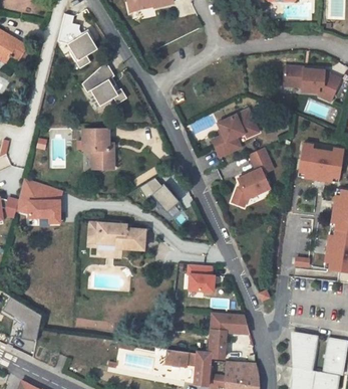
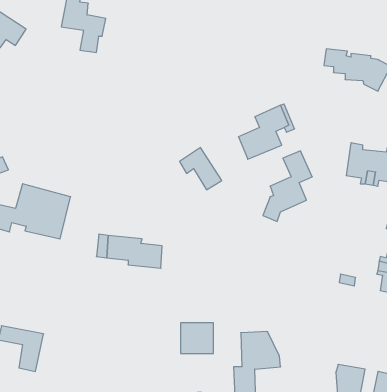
building: [80,65,126,112] -> none
building: [81,131,110,170] -> none
building: [140,174,177,210] -> [180,148,222,190]
building: [186,263,214,289] -> [181,323,213,353]

